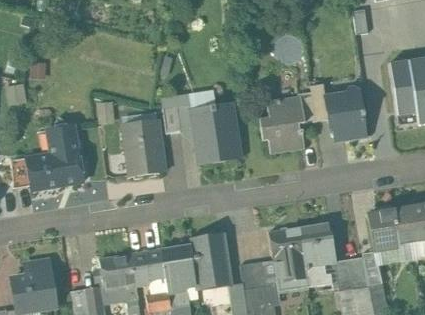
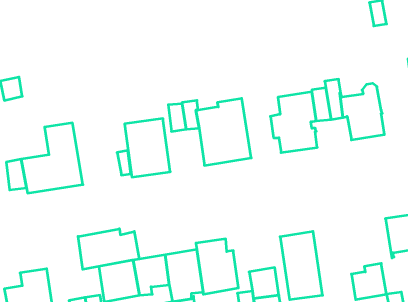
building: [300,222,337,286] -> none
building: none -> [78,229,139,269]

